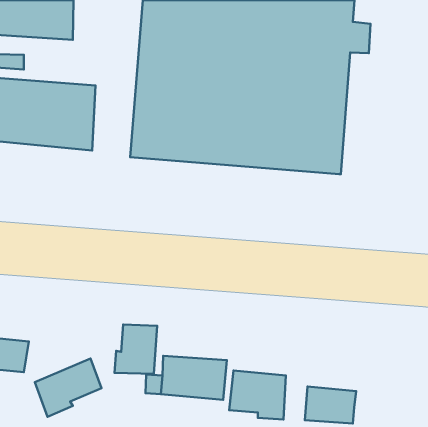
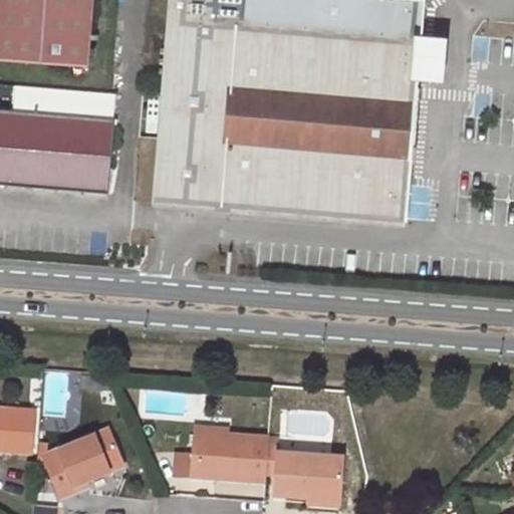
building: [114,325,157,374] -> none
building: [305,387,356,423] -> none

